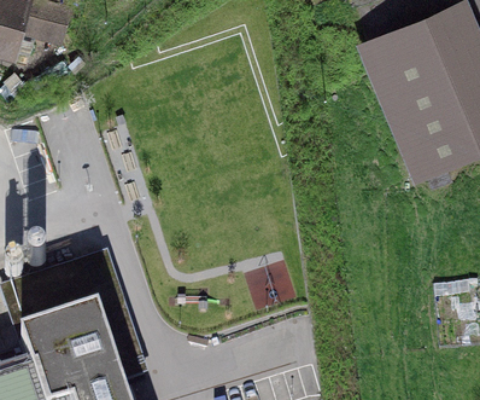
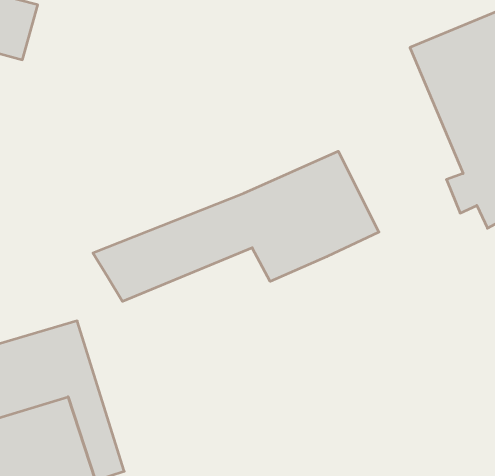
building: none -> [93,151,379,301]

